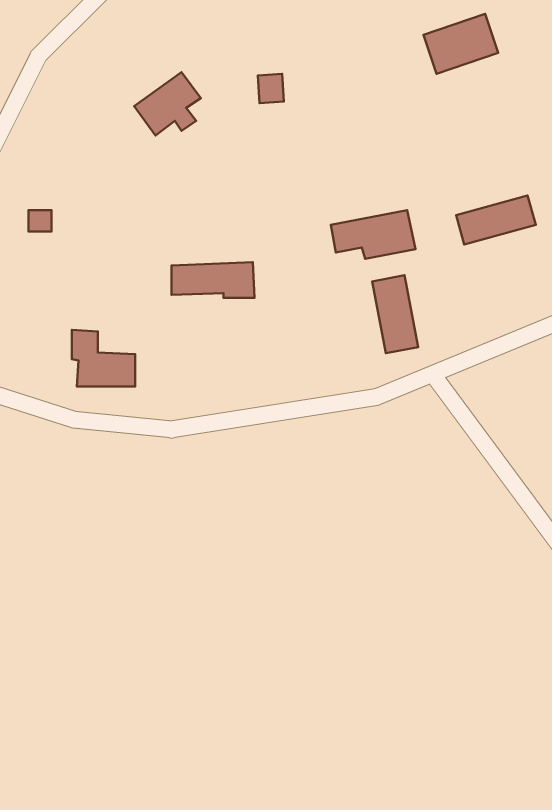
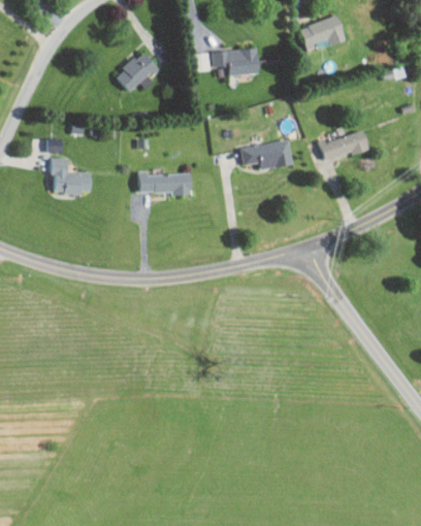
building: none -> [211,46,258,77]
building: [372,275,418,353] -> none
building: [72,330,135,387] -> [51,157,91,193]

